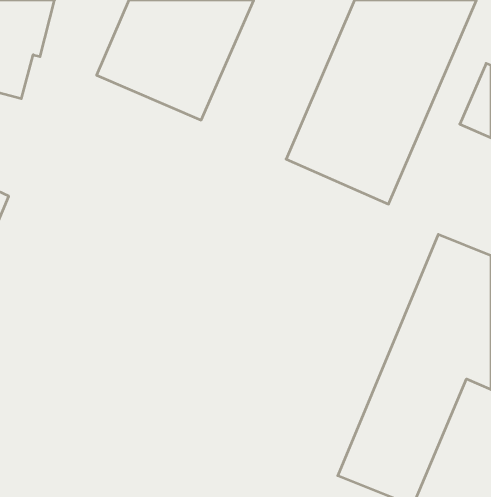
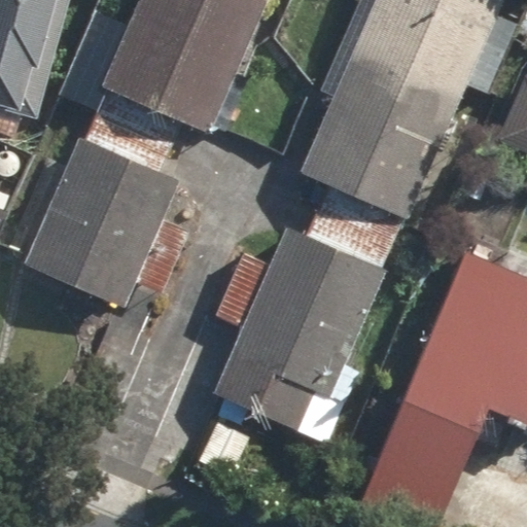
building: none -> [24,135,181,306]
building: none -> [213,223,387,442]

